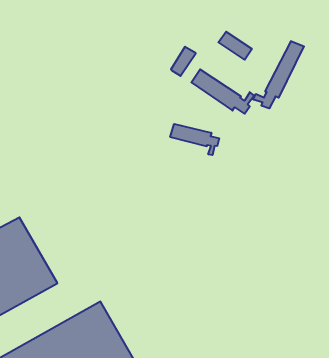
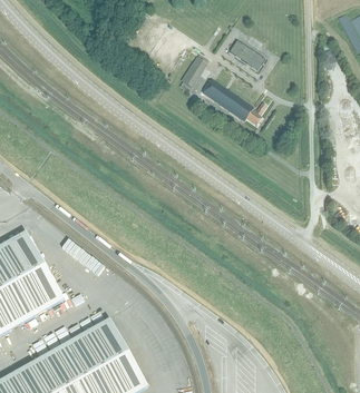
building: [253,41,304,108] -> none
building: [170,124,219,155] -> none

